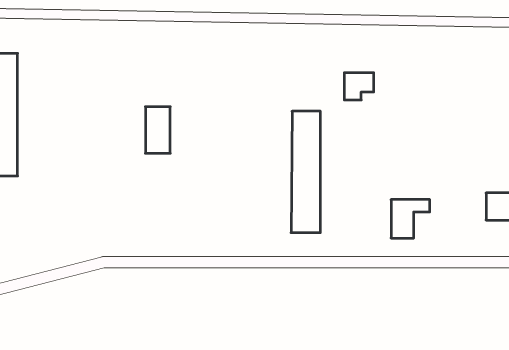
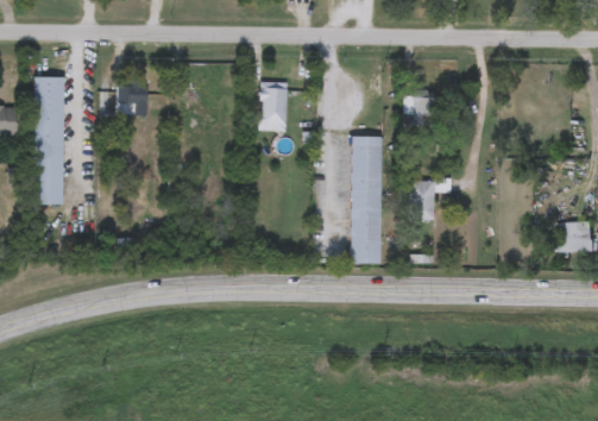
building: none -> [117,83,149,117]
building: [145,107,170,153] -> [260,82,287,131]
building: [391,200,430,238] -> [410,180,451,220]

